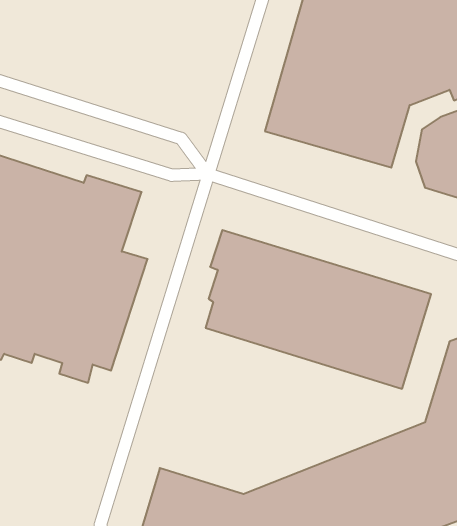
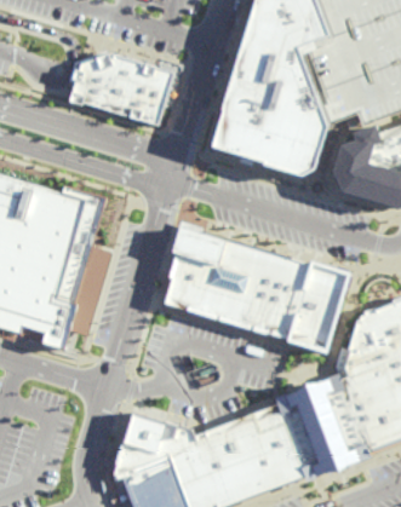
building: none -> [67,53,173,129]

